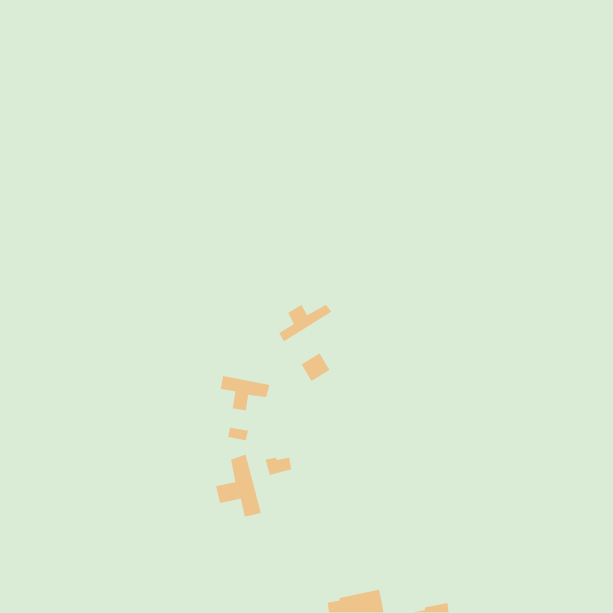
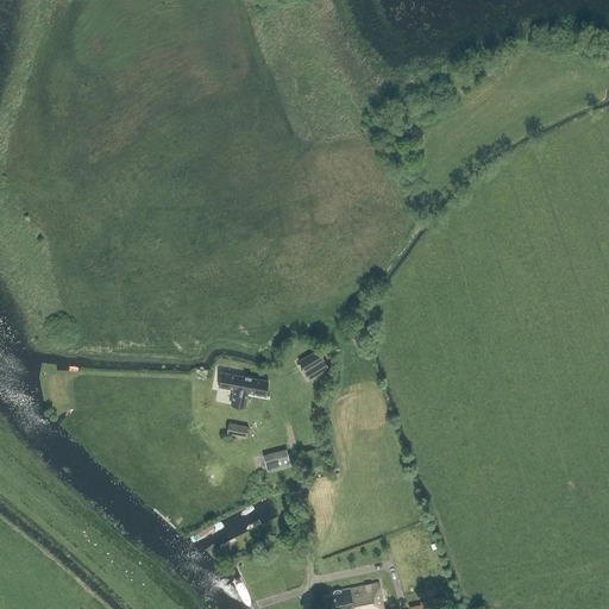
building: [278,304,332,342] -> none
building: [215,454,262,517] -> none

